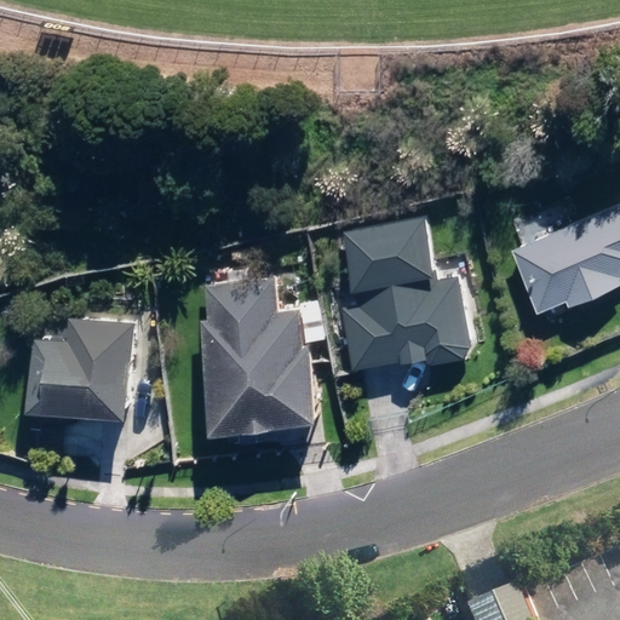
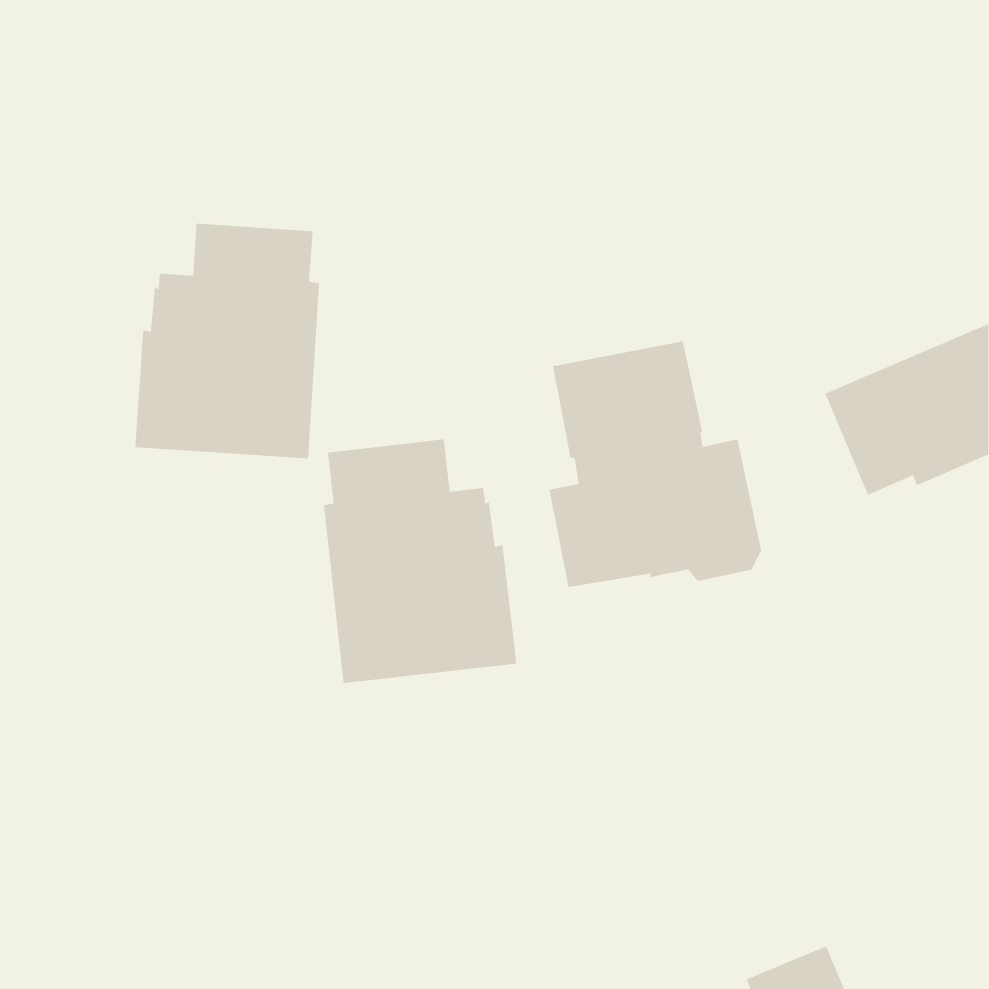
building: none -> [135,223,319,459]
building: [29,320,133,415] -> none

